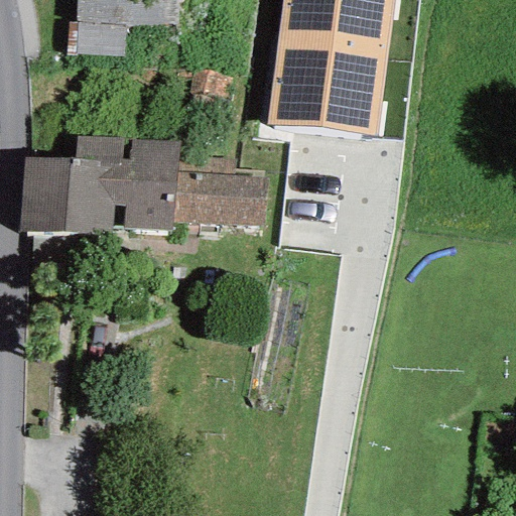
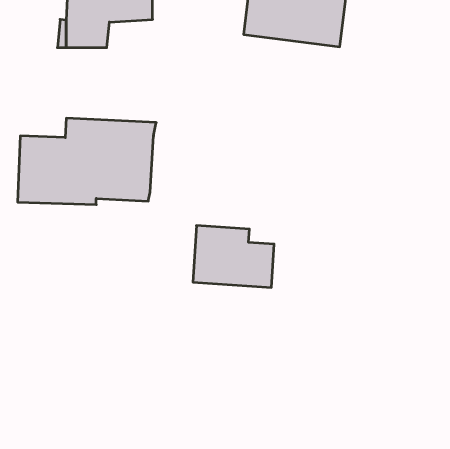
building: [268,39,389,136] -> none
building: [172,155,265,226] -> [193,226,274,287]

